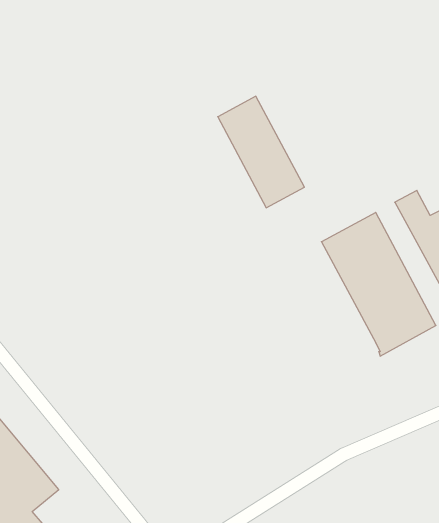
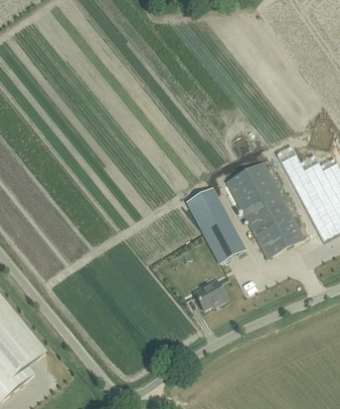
building: [218,96,304,208] -> [185,186,244,262]
building: none -> [201,286,232,315]

